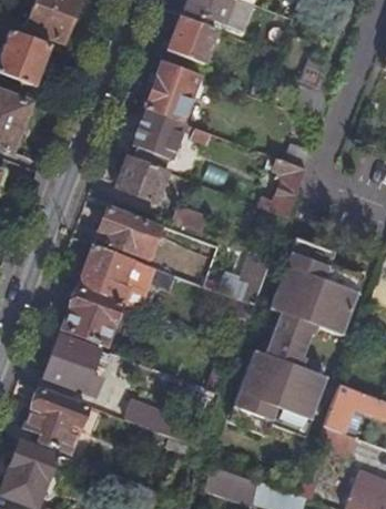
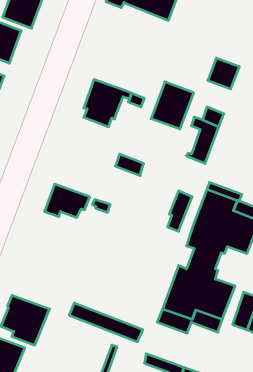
building: [166,16,217,64] -> none
building: [144,61,200,122] -> [151,82,194,129]
building: [114,156,166,203] -> none
building: [95,207,153,259] -> none
building: [62,287,121,345] -> none
building: [43,335,104,396] -> none

